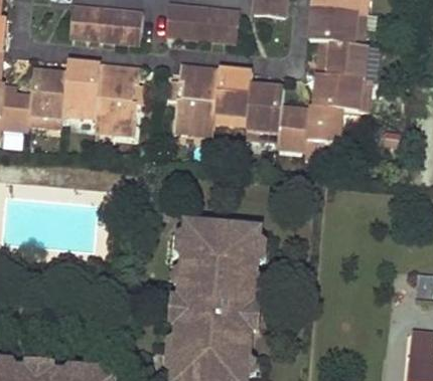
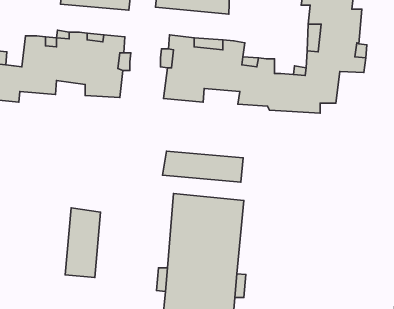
building: none -> [162,151,243,182]
building: none -> [65,208,100,277]

